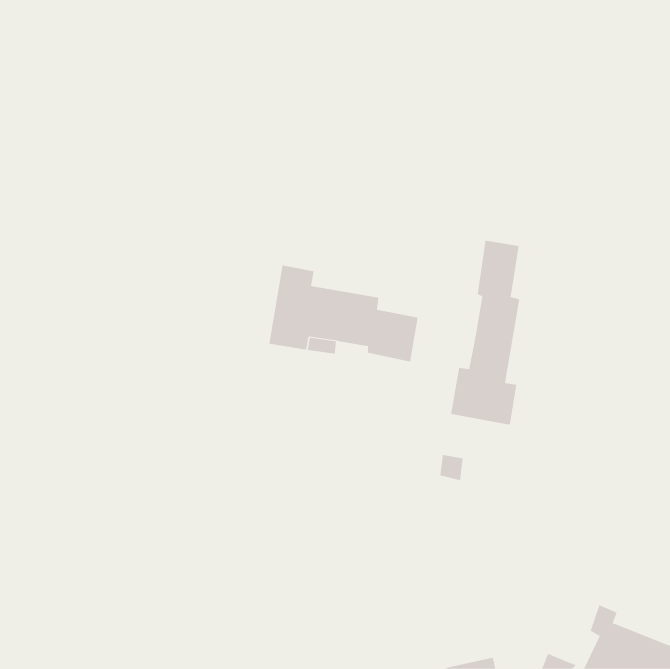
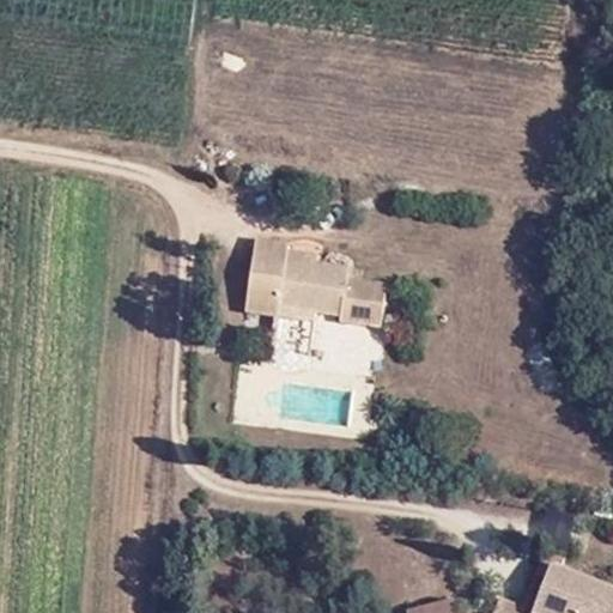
building: [451,240,520,426] -> none

